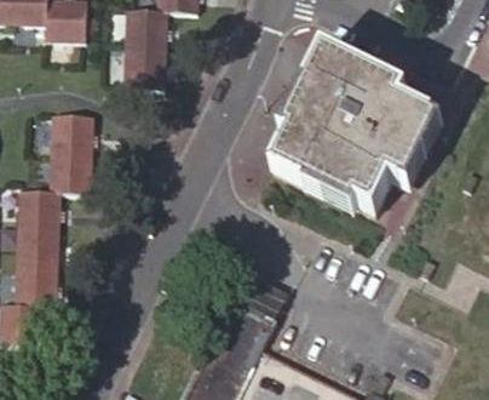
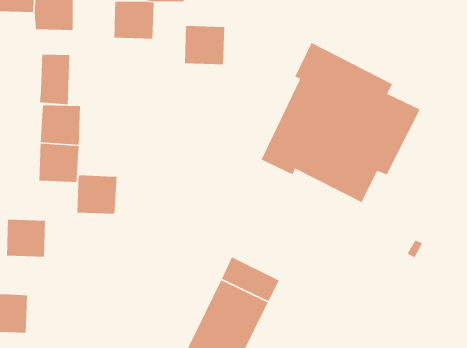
building: [123,46,165,86] -> [184,25,225,65]
building: none -> [39,54,70,105]
building: [18,189,59,229] -> [77,175,118,214]
building: [16,265,56,304] -> none

